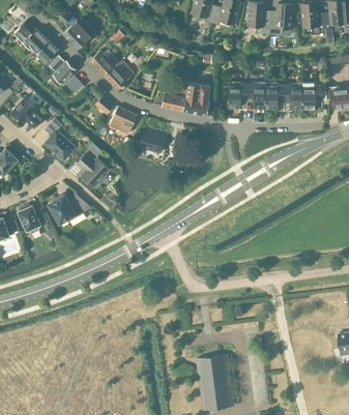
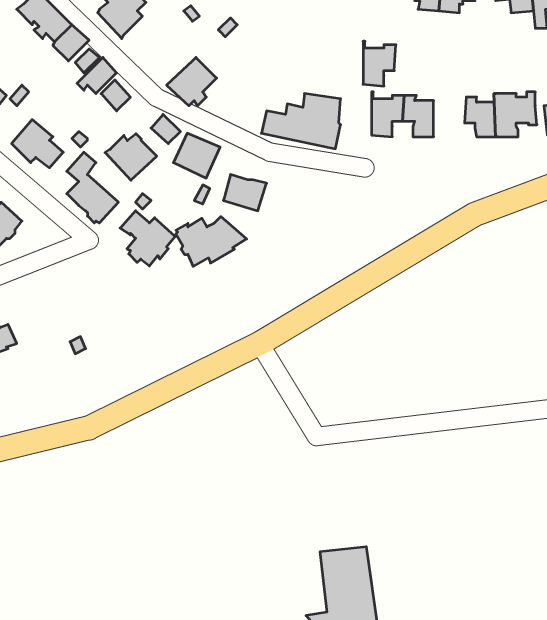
building: [89,50,120,78] -> [105,134,157,180]
building: [265,83,285,110] -> [363,41,396,86]
building: [49,194,91,224] -> [176,217,247,266]
building: [18,205,47,233] -> none

